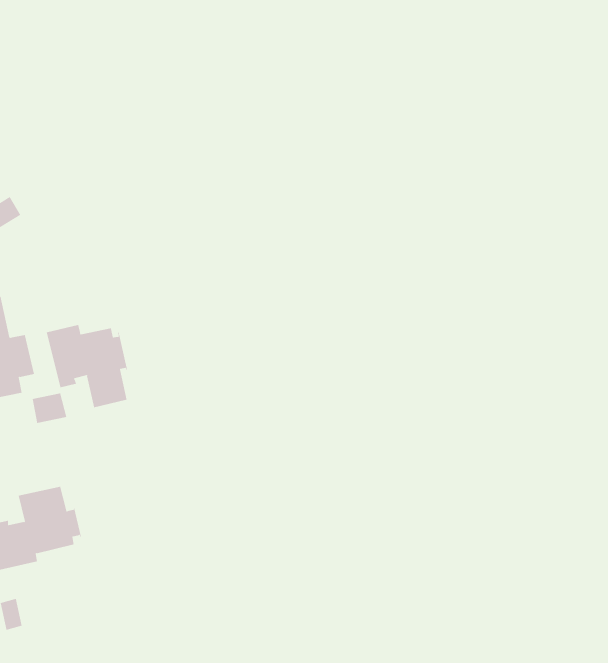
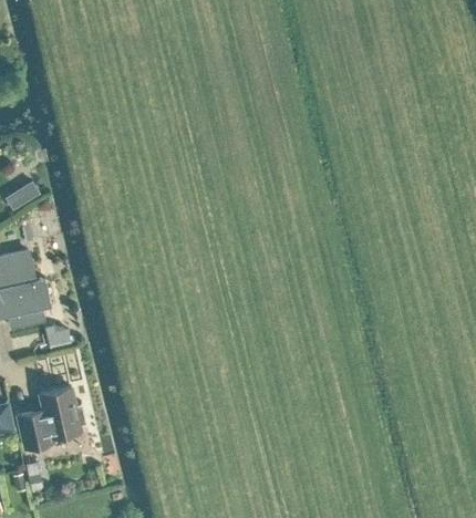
building: [46,324,128,408] -> none

